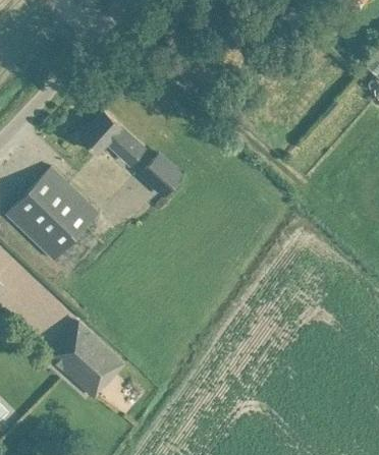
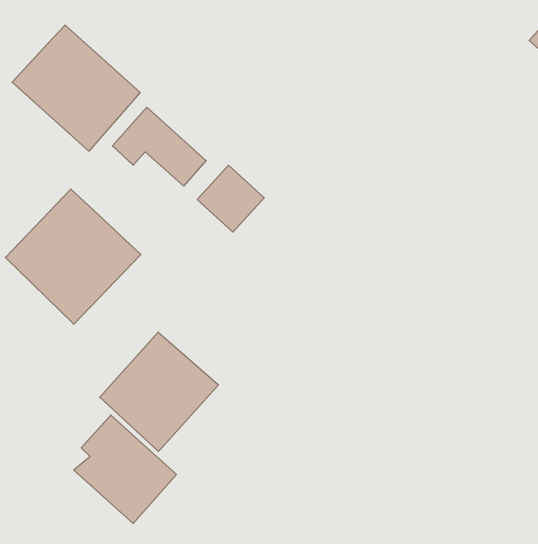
building: none -> [12,25,140,151]
building: none -> [100,332,218,451]

